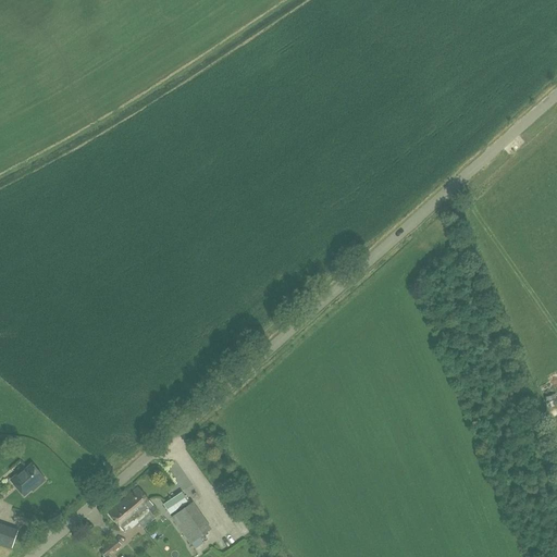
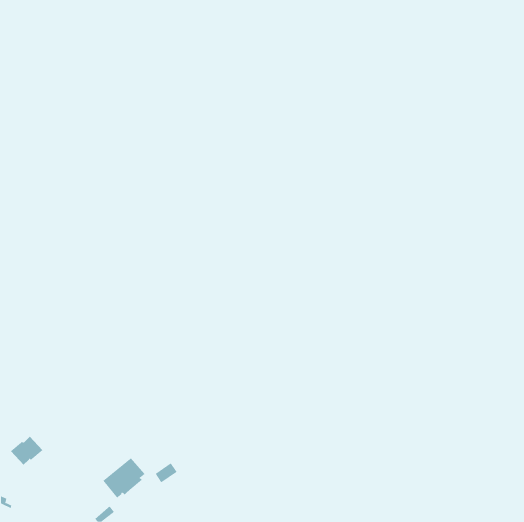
building: [172,503,210,543] -> none

